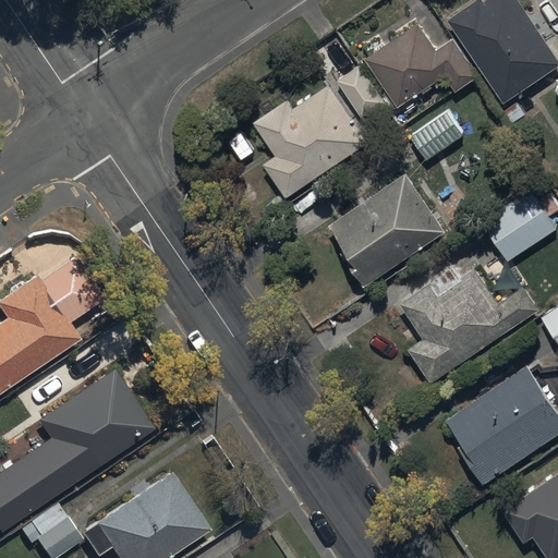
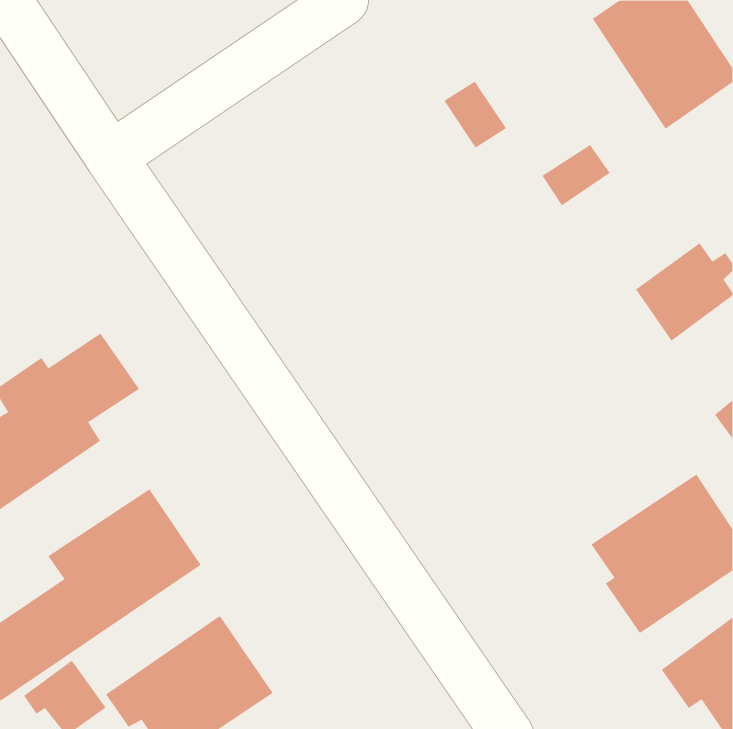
building: [364,24,477,110] -> none
building: [253,84,367,195] -> none
building: [331,171,445,287] -> none
building: [399,269,537,381] -> none

